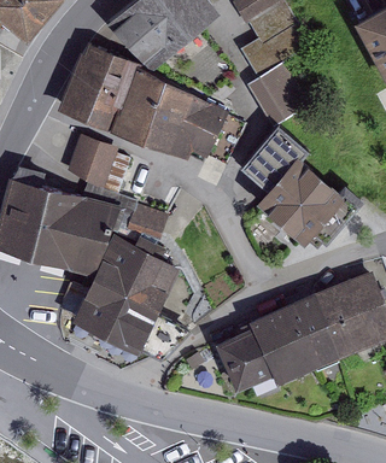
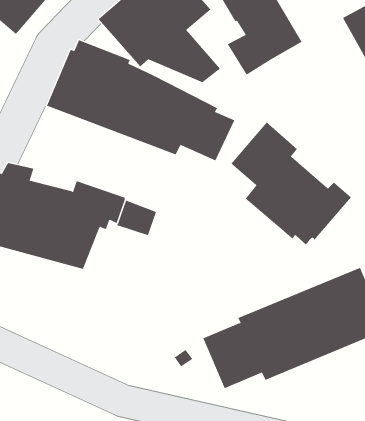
building: [247,65,309,128] -> none
building: [68,136,118,189] -> none
building: [72,235,192,361] -> none

